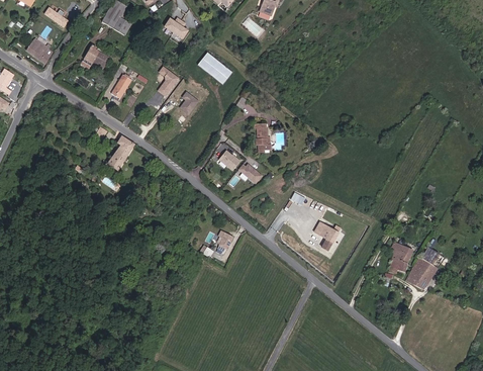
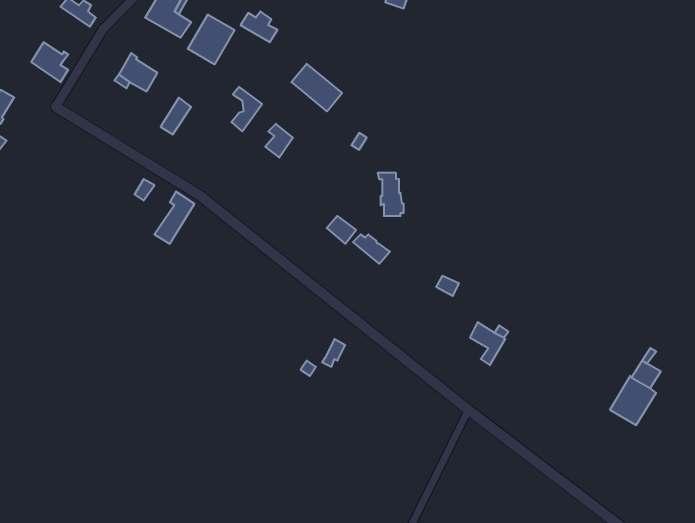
building: none -> [188,14,235,64]
building: [388,242,412,273] -> none

